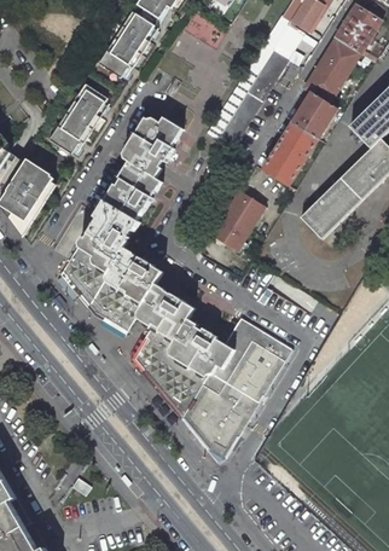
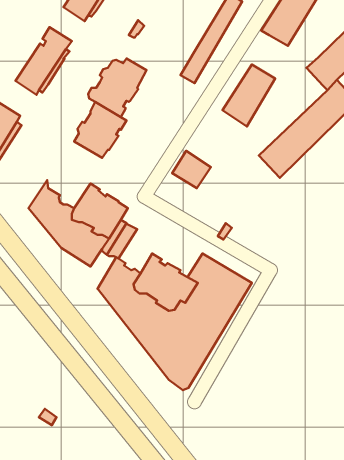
building: [292,92,335,137] -> none
building: [225,190,265,228] -> none
building: [81,202,140,271] -> none
building: [155,292,196,338] -> none

